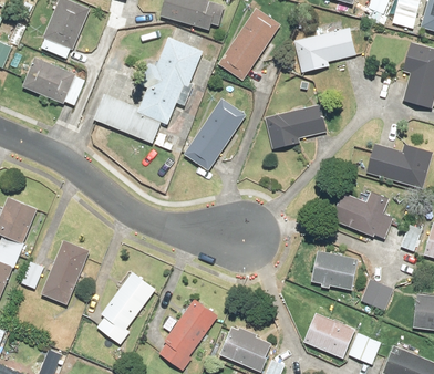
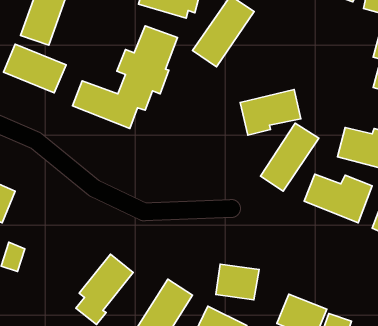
building: [292,22,356,73] -> none
building: [186,98,246,168] -> [261,123,319,191]
building: [42,241,89,305] -> none
building: [312,252,356,289] -> [216,264,259,300]
building: [360,279,391,310] -> none

